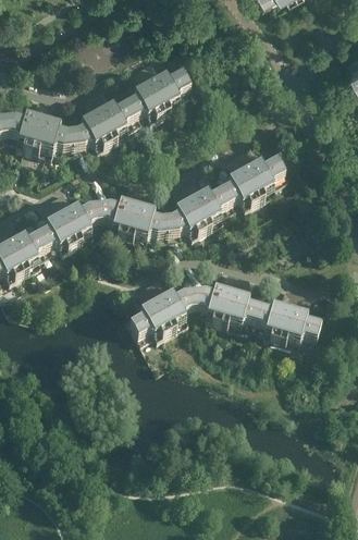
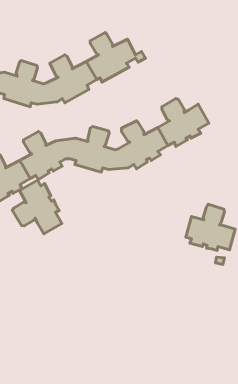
building: none -> [12,180,62,234]
building: [126,271,264,344] -> none

